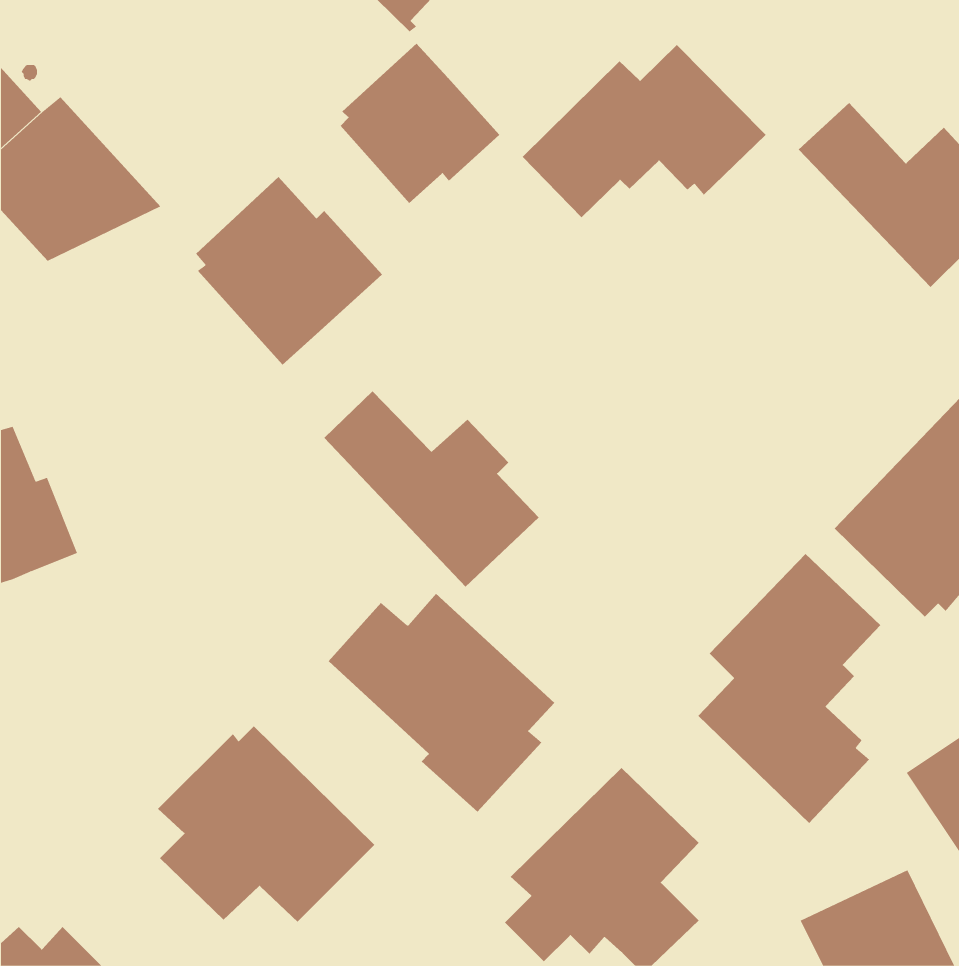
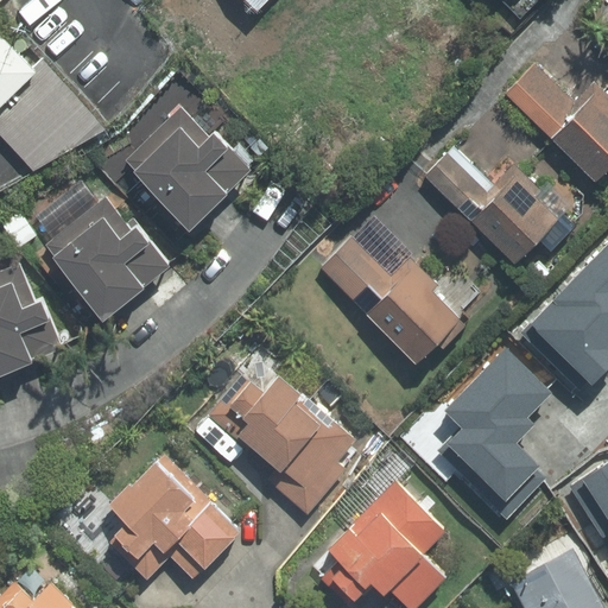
building: [340,43,500,204] -> none
building: [522,44,767,218] -> none
building: none -> [426,154,560,260]
building: none -> [45,201,160,318]
building: [323,390,539,587] -> [322,239,457,362]

